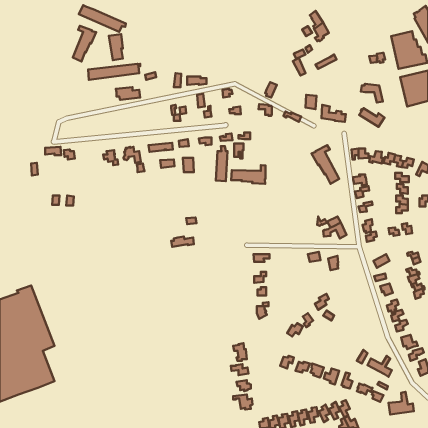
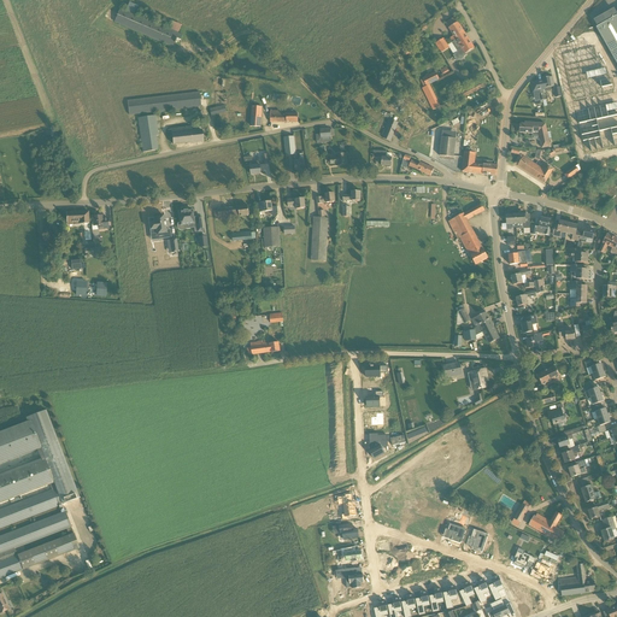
building: [73,26,96,62] -> none
building: [109,34,123,60] -> [136,114,157,152]
building: [231,165,266,184] -> none

